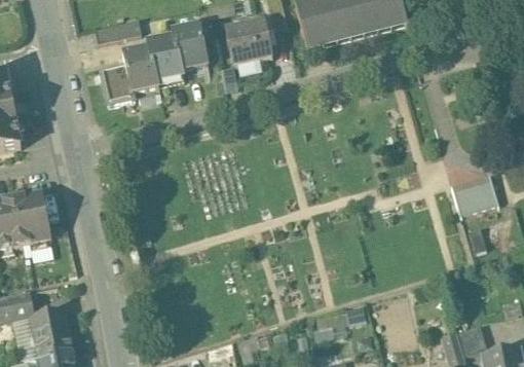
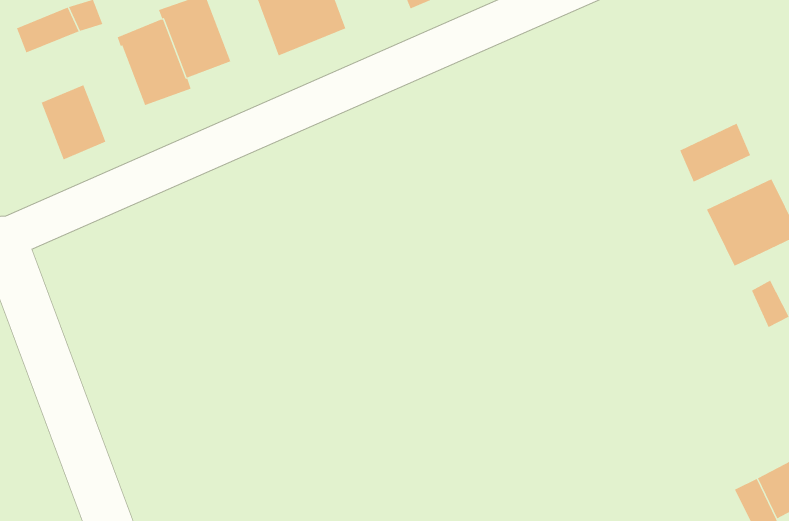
building: [122,45,158,90] -> none
building: none -> [680,123,751,183]

